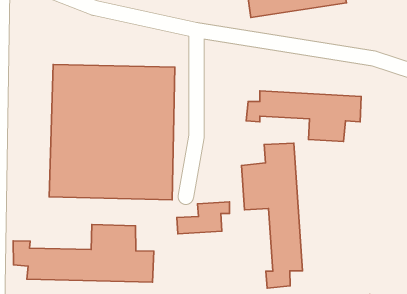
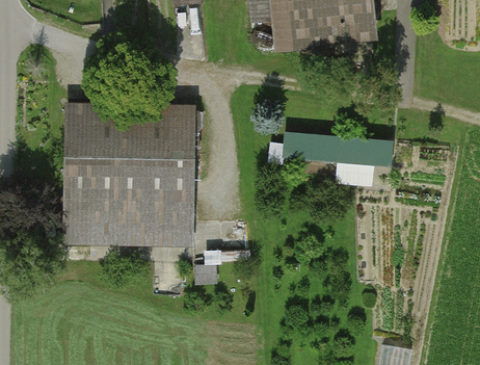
building: [242,143,302,288] -> none
building: [13,225,154,282] -> none

